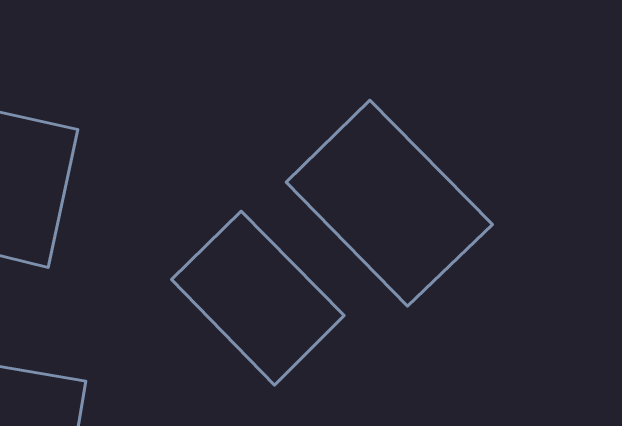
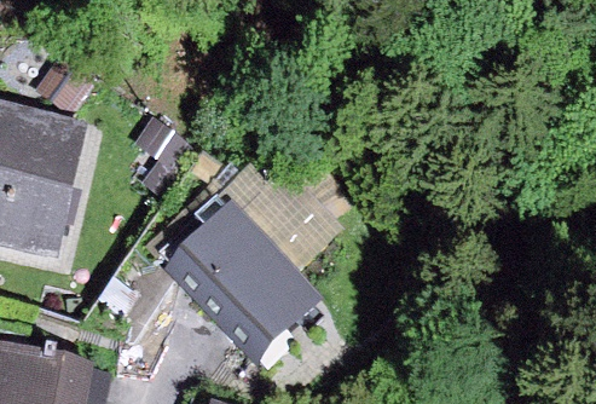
building: [286,100,493,306] -> none

